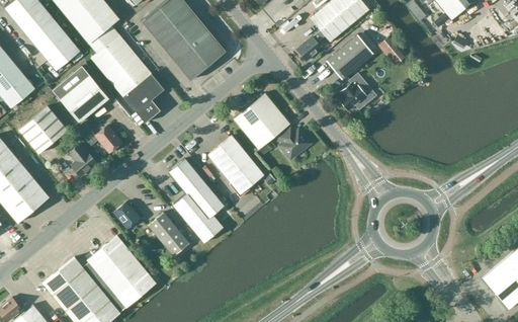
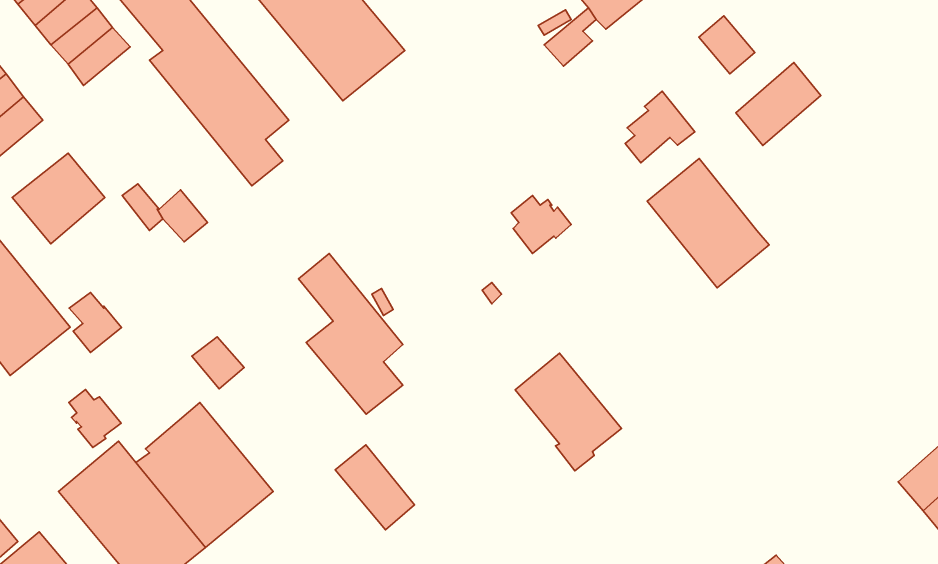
building: [327,35,371,79] -> [736,63,821,146]
building: [42,66,108,123] -> none
building: [233,93,289,150] -> none
building: none -> [647,159,769,288]
building: [207,136,263,197] -> [515,353,621,471]
building: [69,145,96,176] -> [69,293,121,352]
building: [147,213,188,257] -> [335,445,414,530]
building: none -> [69,390,121,447]

